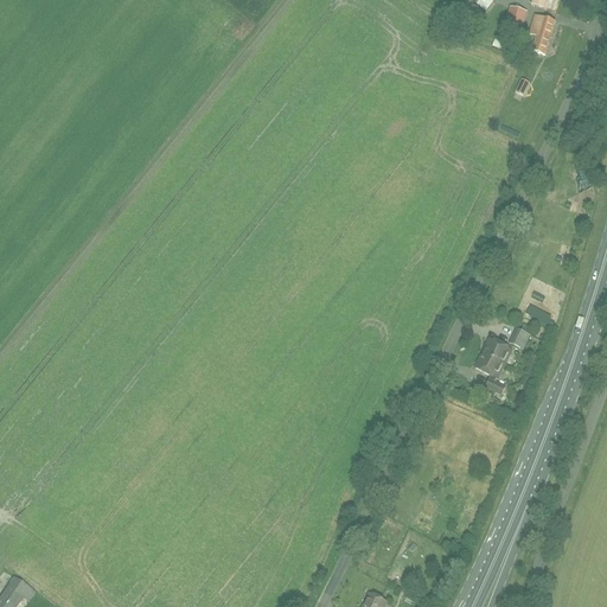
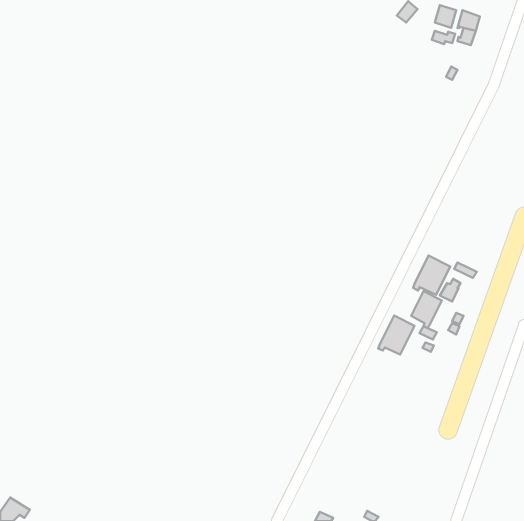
building: none -> [413,256,450,295]
building: none -> [378,316,414,354]

